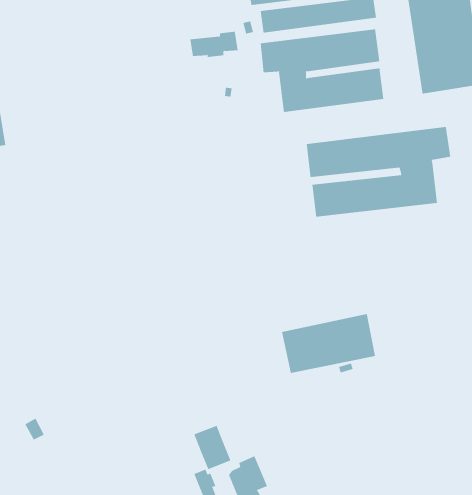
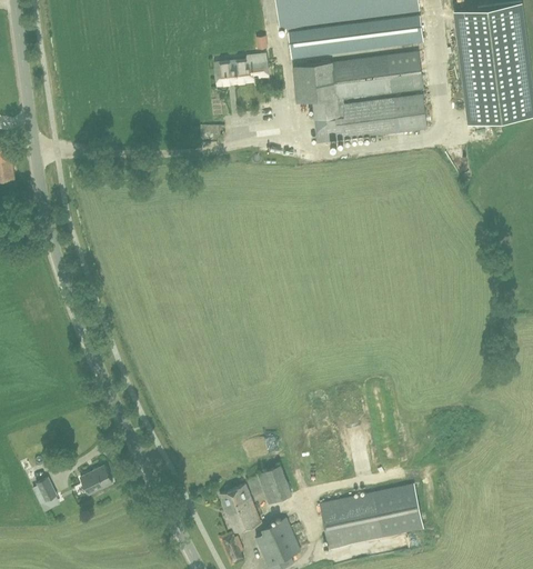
building: [306,126,451,217] -> none
building: [281,314,376,374] -> [320,482,423,548]
building: none -> [80,465,113,493]
building: none -> [258,465,293,503]

